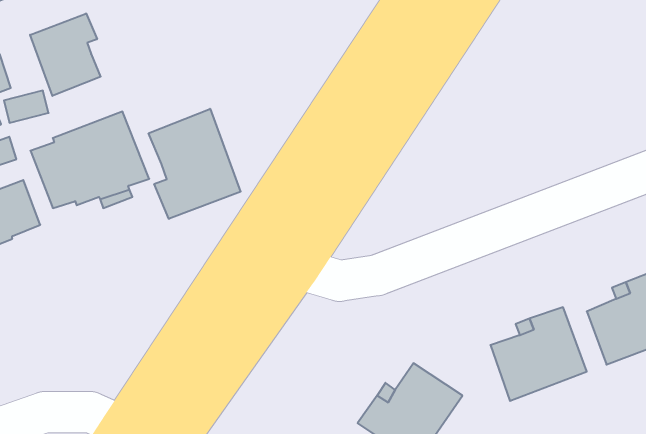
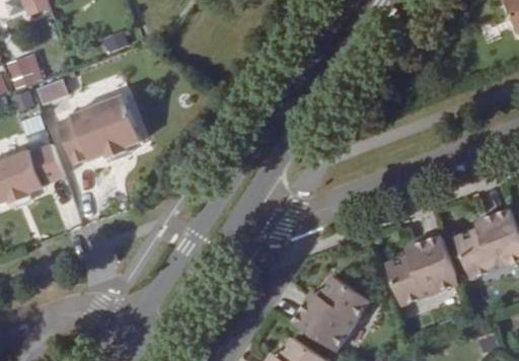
building: [30,13,101,96] -> none
building: [149,109,241,219] -> none

